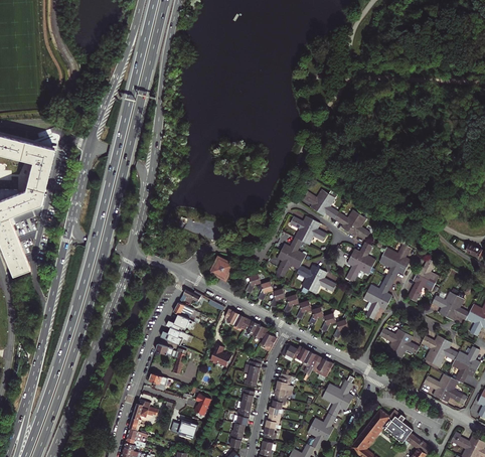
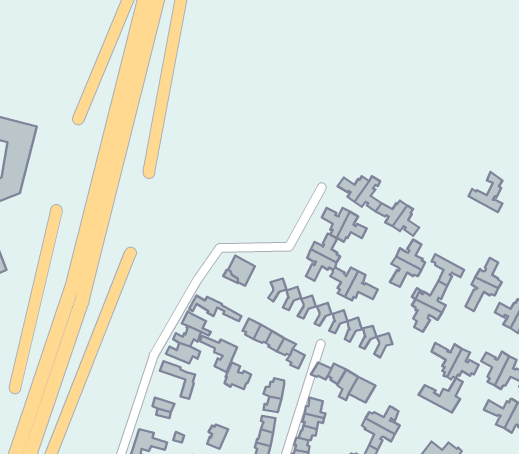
building: [383,235,412,268] -> [468,172,503,212]
building: none -> [200,336,237,372]
building: none -> [419,378,463,412]

